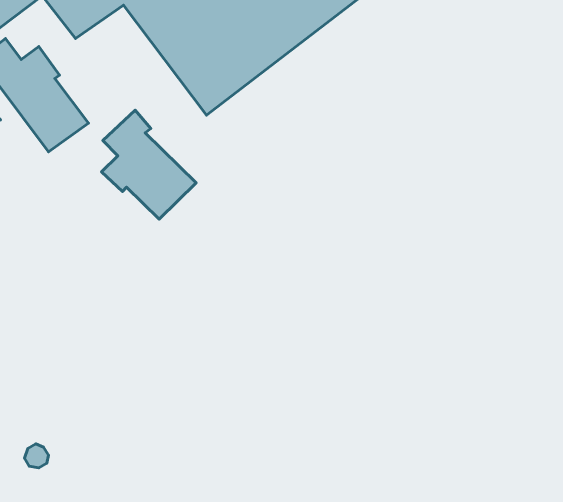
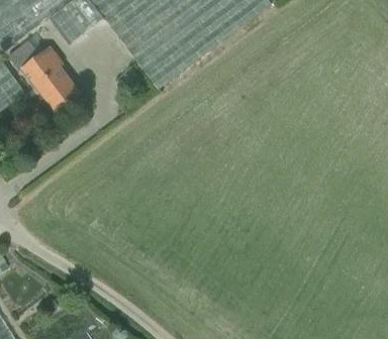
building: [101,110,196,219] -> none

